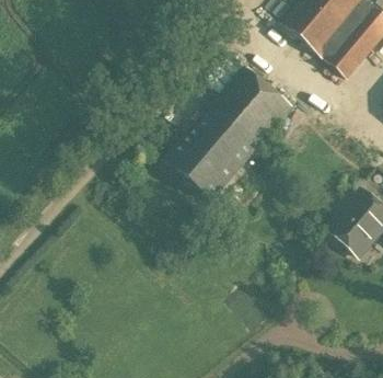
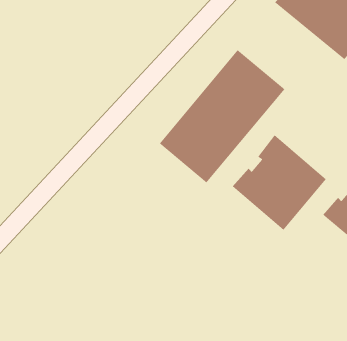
building: none -> [232,134,327,231]

